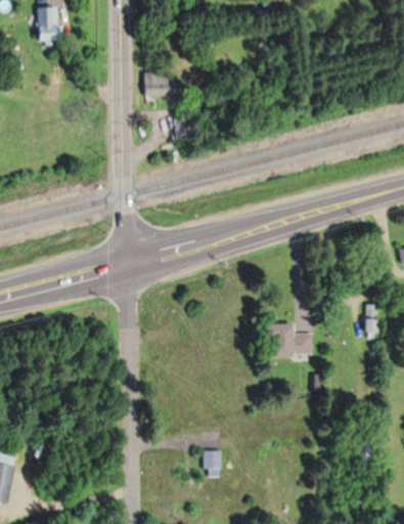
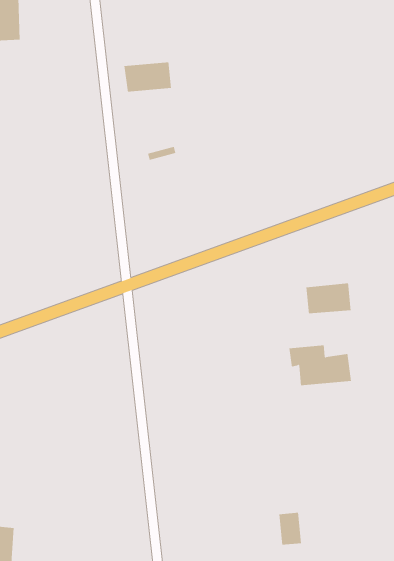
building: none -> [306,283,351,314]
building: [205,450,222,477] -> [279,512,302,545]

